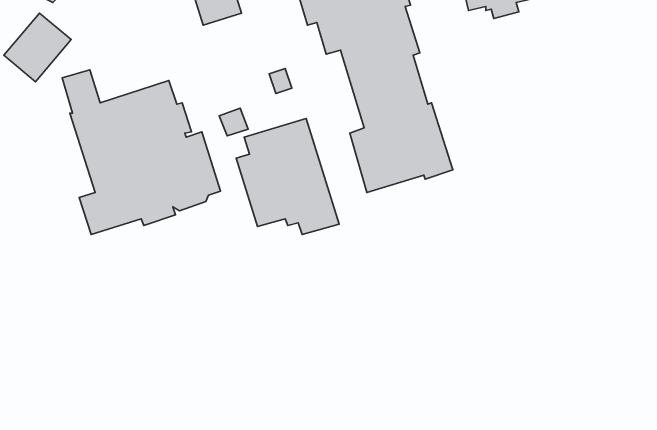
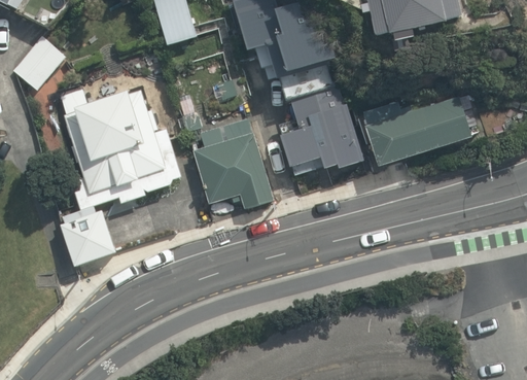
building: none -> [360,93,471,167]
building: none -> [60,210,116,267]

